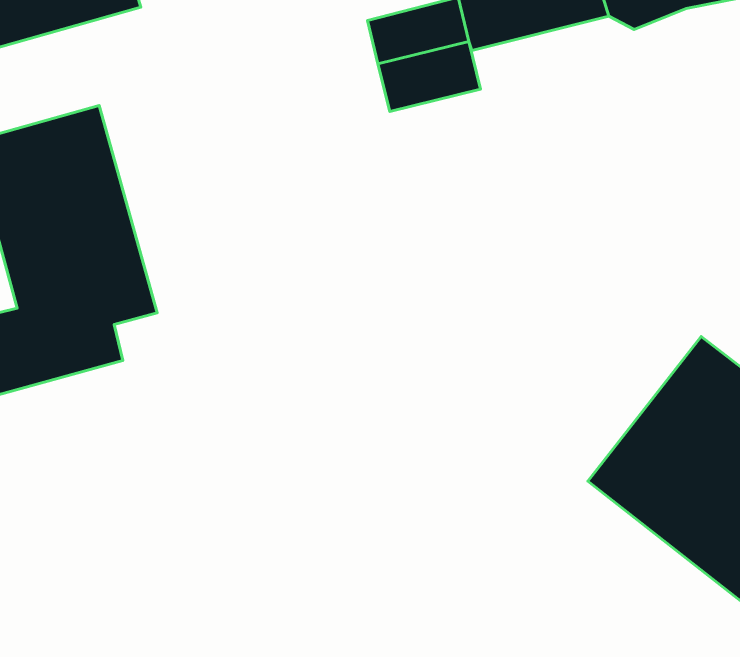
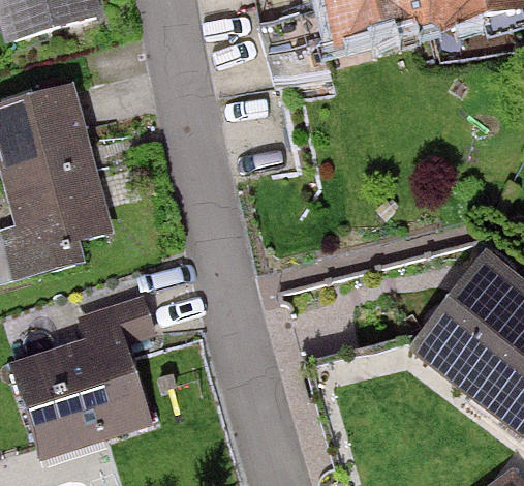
building: none -> [8,296,153,457]

